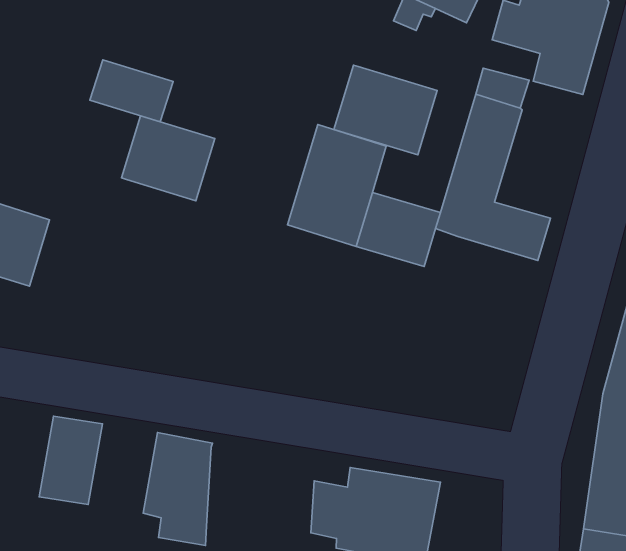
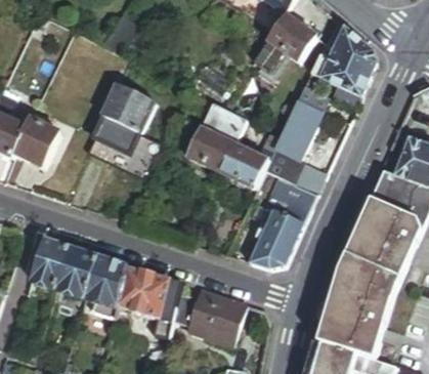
building: [90,60,173,122] -> [92,116,138,154]
building: [334,65,437,155] -> none
building: none -> [249,174,316,267]
building: none -> [55,245,98,296]
building: none -> [117,266,181,325]

